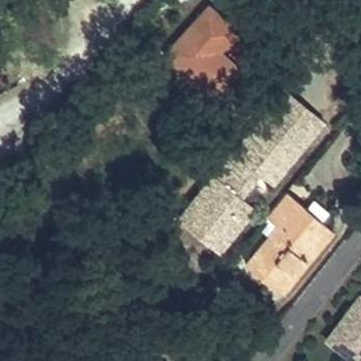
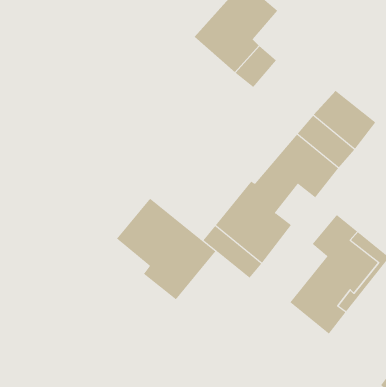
building: none -> [116,198,216,300]

